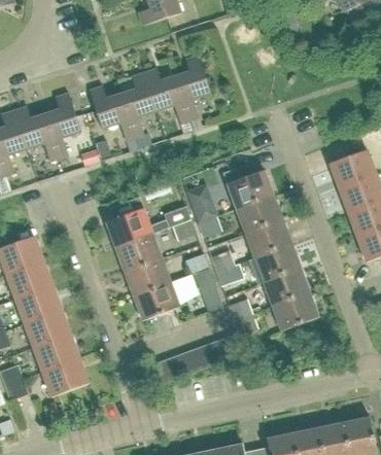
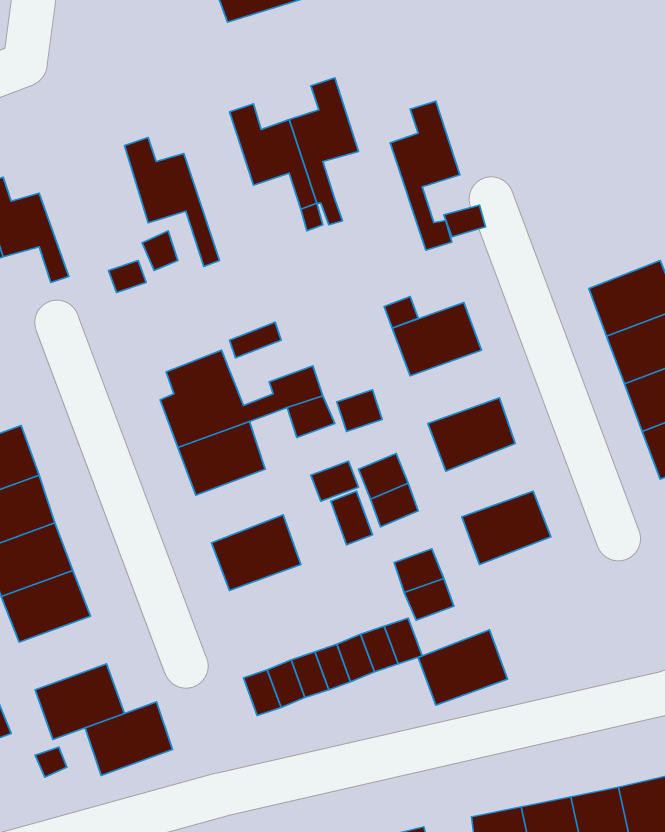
building: [118,72,154,149] -> [390,101,460,250]
building: [43,92,79,157] -> none
building: [184,183,217,223] -> none
building: [236,196,282,234] -> none
building: [254,244,300,282] -> none
building: [125,257,170,295] -> none
building: [272,292,318,331] -> [418,630,507,705]
building: [33,334,78,372] -> [85,702,172,775]

